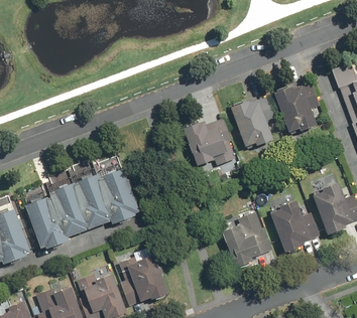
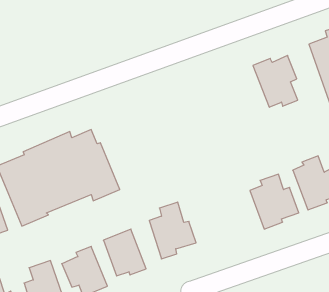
building: [229,97,275,148] -> none
building: [184,117,233,166] -> none
building: [226,210,272,267] -> [149,202,196,259]

